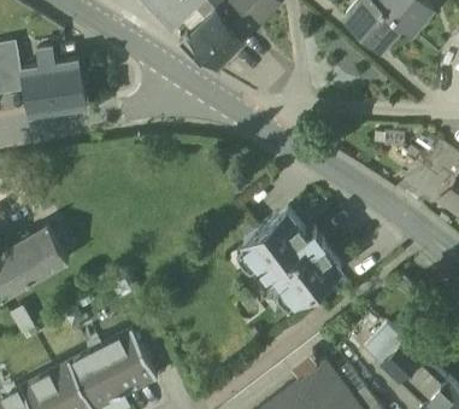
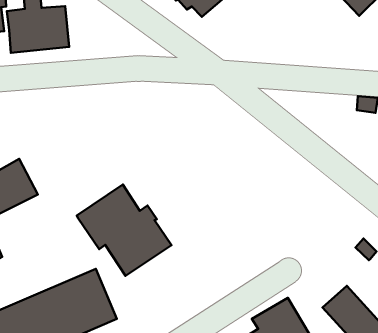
building: [243,210,342,303] -> [77,185,172,276]

